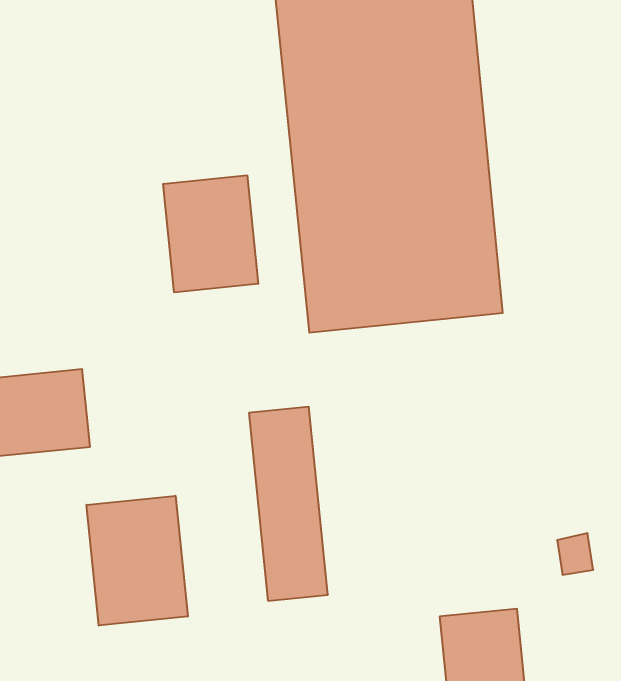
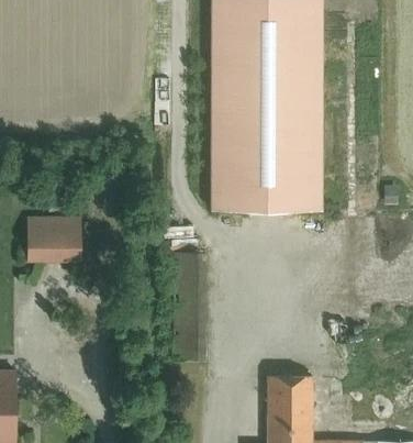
building: [163,175,258,292] -> none
building: [87,496,188,626] -> none

